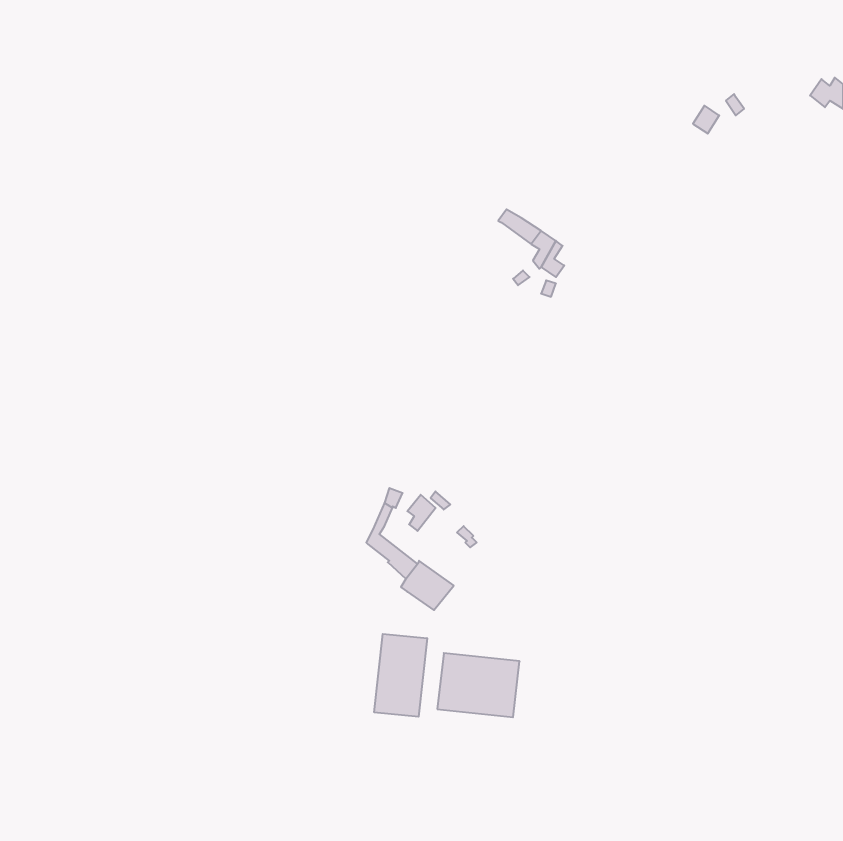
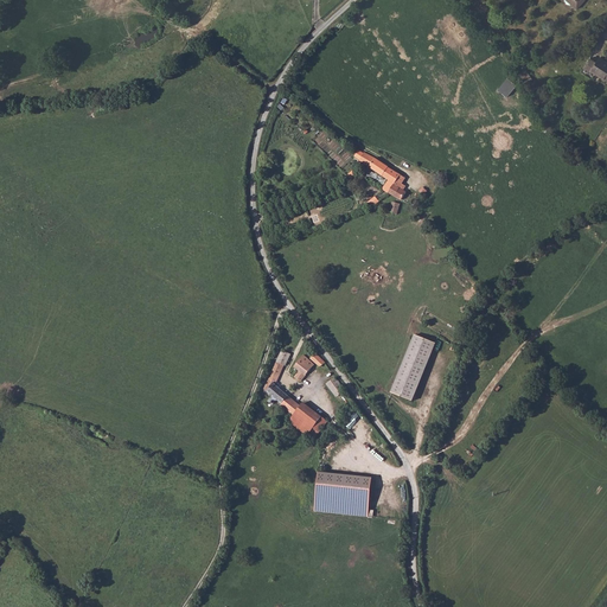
building: none -> [391,332,434,398]
building: [374,634,427,717] -> none

